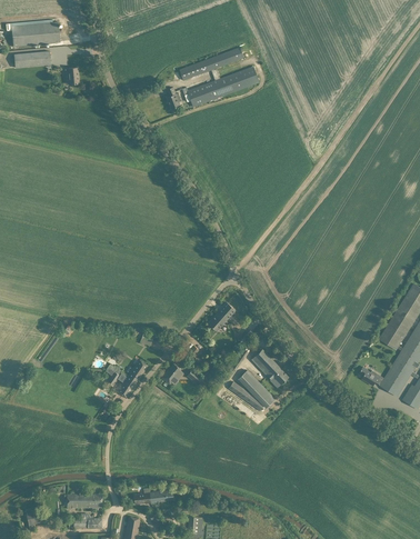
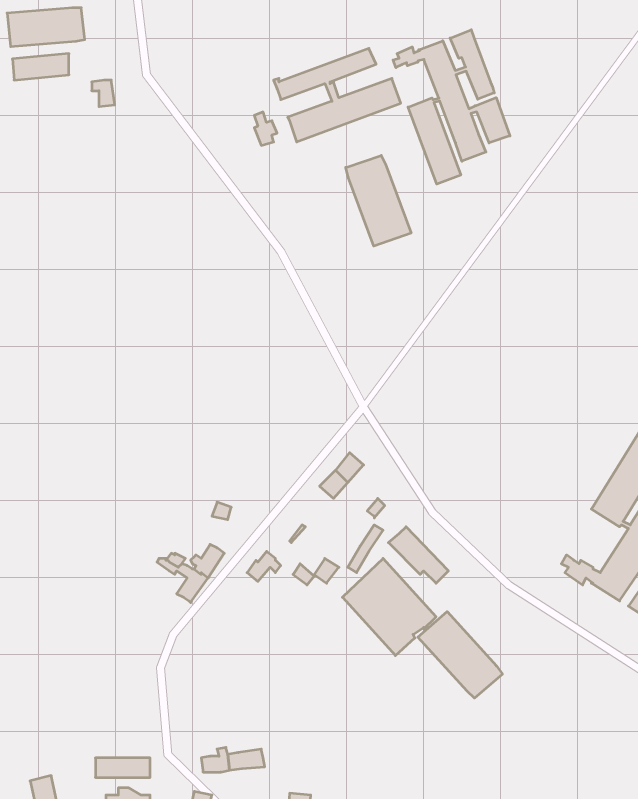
building: none -> [393,30,510,184]
building: none -> [346,155,411,246]
building: none -> [418,612,502,698]

